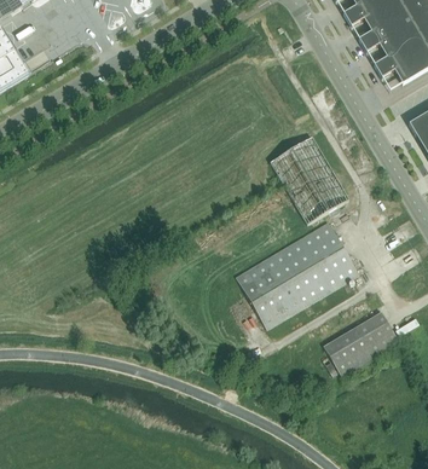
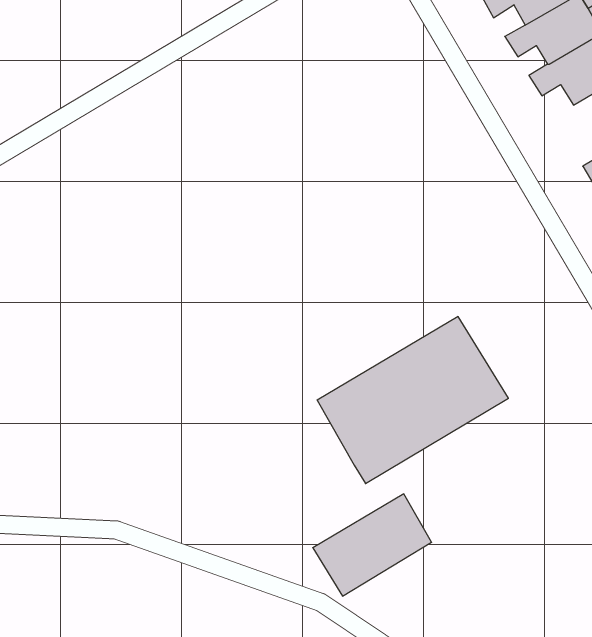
building: [270,135,349,224] -> none
building: [323,311,400,377] -> [313,494,432,596]

